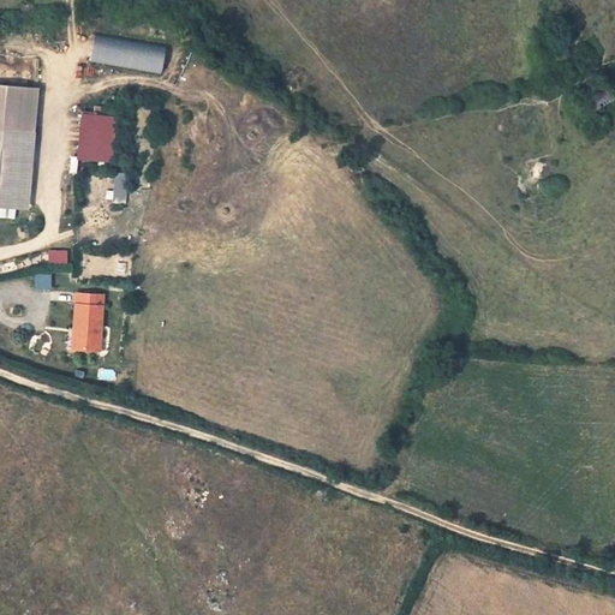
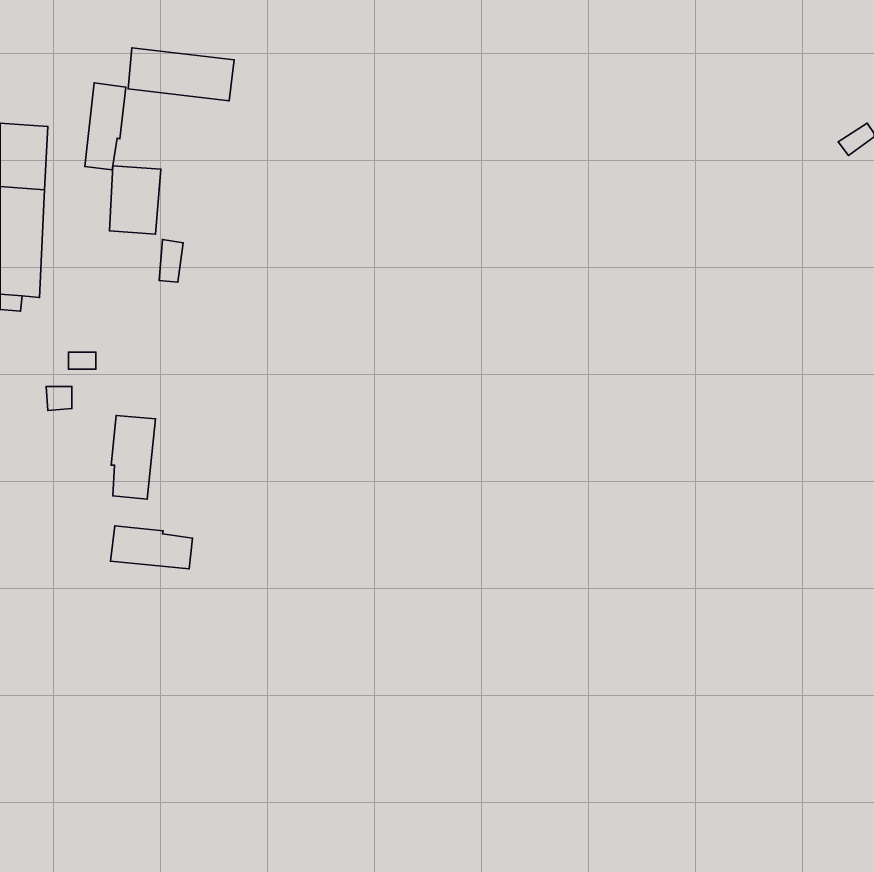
building: none -> [85,83,126,170]
building: none -> [111,526,192,569]

